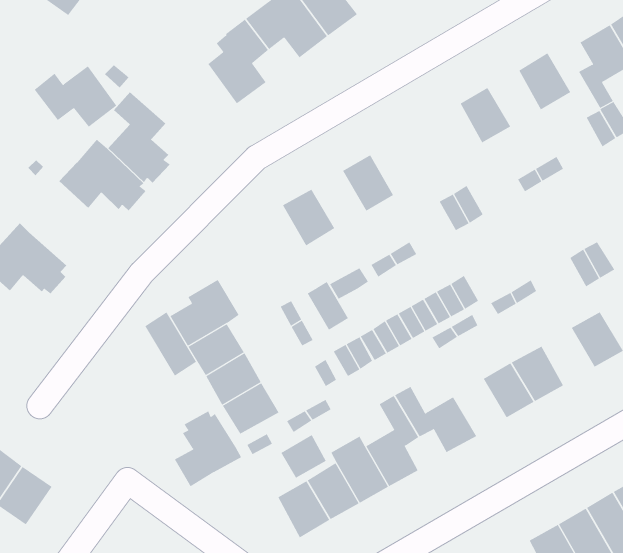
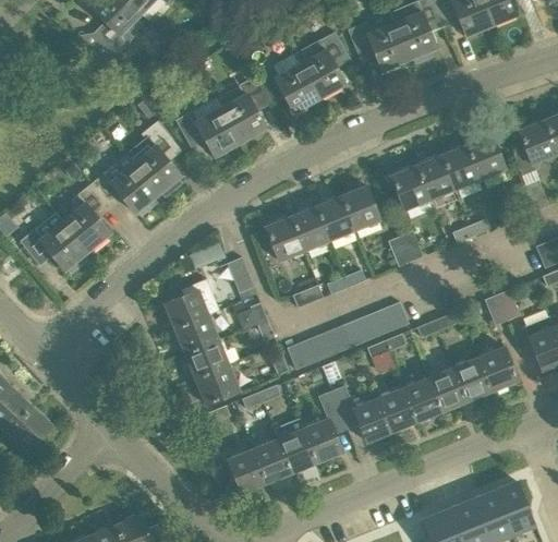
building: [34,66,117,128] -> [174,108,239,157]
building: none -> [439,147,478,191]
building: none -> [389,167,428,210]
building: none -> [339,186,379,232]
building: none -> [289,207,329,252]
building: none -> [61,184,110,252]
building: [307,281,349,331] -> [223,257,254,297]
building: [145,311,197,377] -> none
building: none -> [453,357,493,401]
building: none -> [378,387,417,432]
building: [174,410,242,487] -> none
building: [280,434,327,478] -> none

